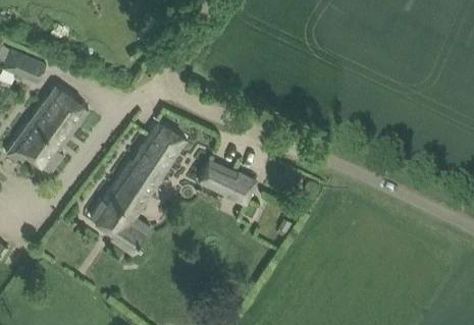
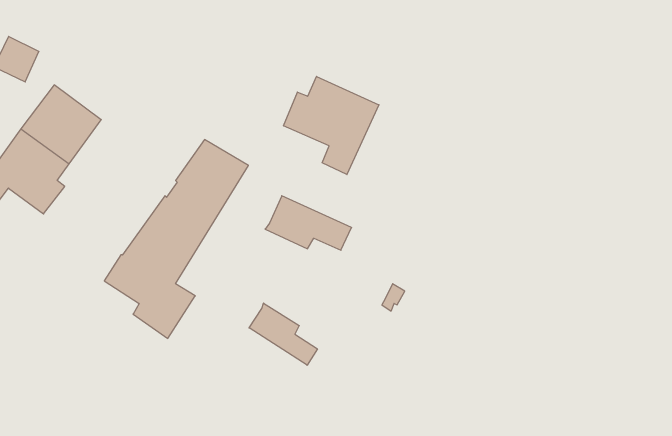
building: none -> [284,76,379,175]
building: none -> [249,303,317,365]

